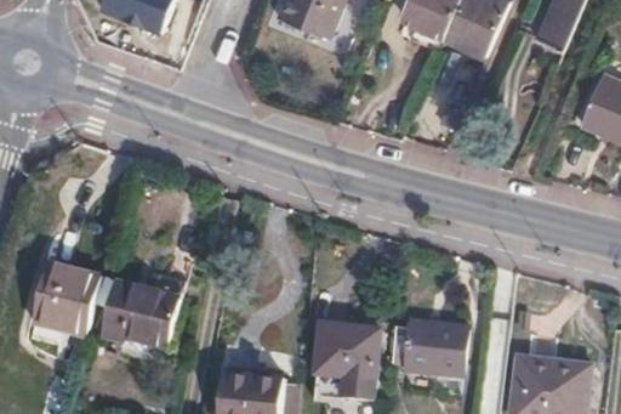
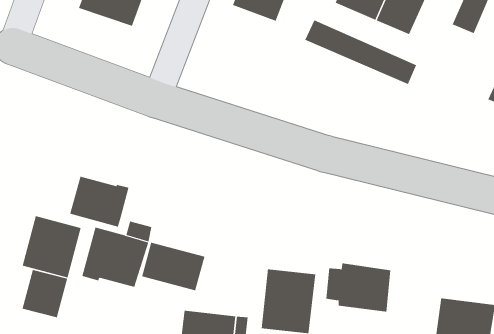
building: none -> [305,19,417,85]
building: none -> [70,176,129,227]
building: none -> [141,242,205,291]
building: none -> [22,269,68,318]

